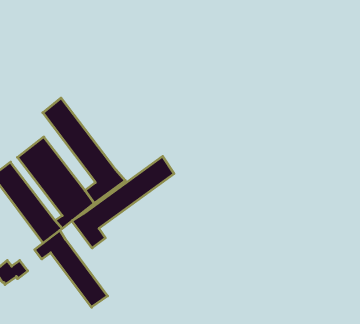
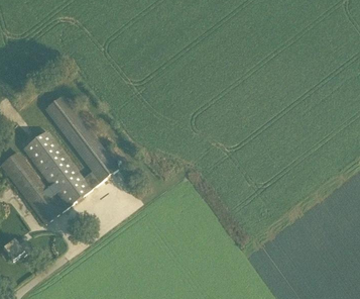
building: [72,156,174,248] -> none
building: [35,230,108,307] -> none

